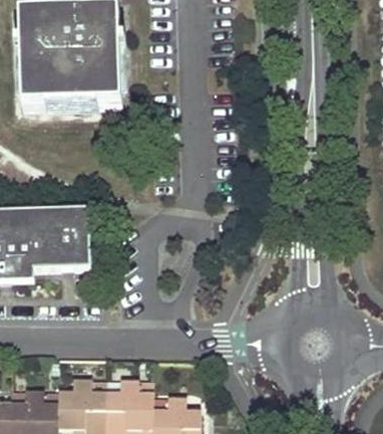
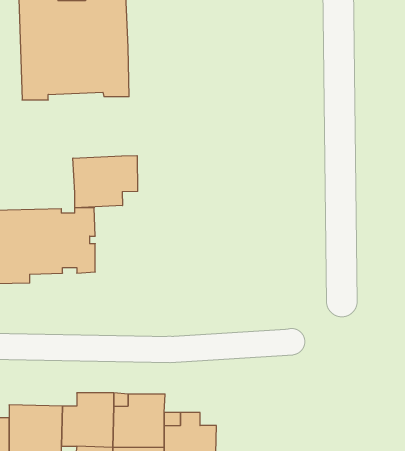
building: none -> [73,156,138,208]

